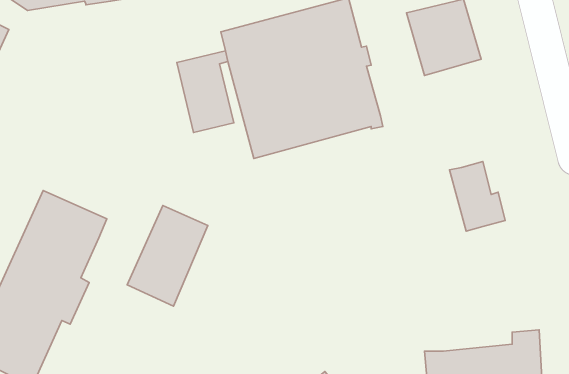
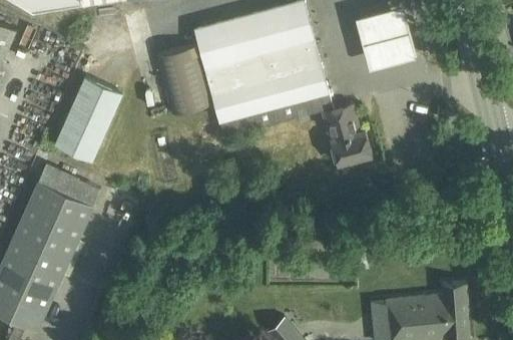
building: [450,162,505,231] -> [323,105,370,164]
building: [127,206,208,306] -> [53,77,121,162]

